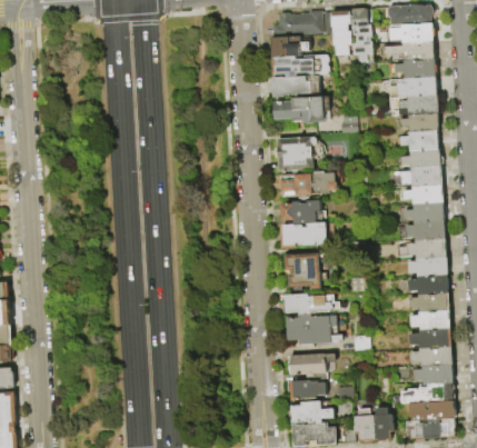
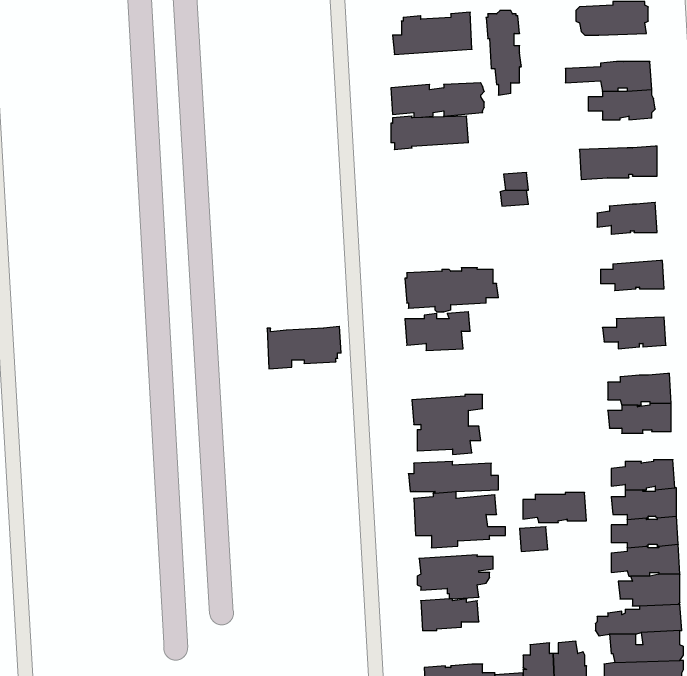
building: [349,8,371,61] -> none
building: [391,23,434,42] -> none
building: [268,36,308,58] -> none
building: [387,77,436,97] -> none
building: [271,96,328,122] -> none
building: [398,113,437,132] -> none
building: [271,136,316,171] -> none
building: [400,148,441,169] -> none
building: [403,185,441,203] -> none
building: [405,220,444,240] -> none
building: [279,221,326,248] -> [267,326,341,369]
building: [407,275,447,293] -> [523,493,586,523]
building: [289,400,332,422] -> none

